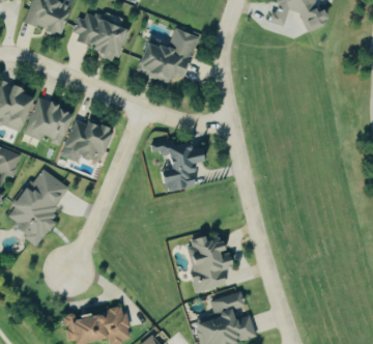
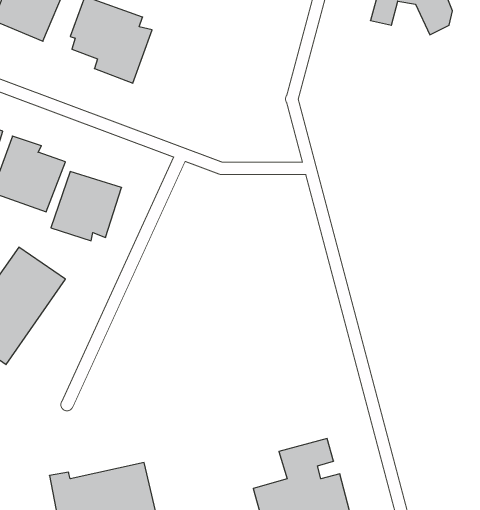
building: [135,27,199,83] -> none
building: [152,136,201,192] -> none
building: [186,233,235,293] -> none

